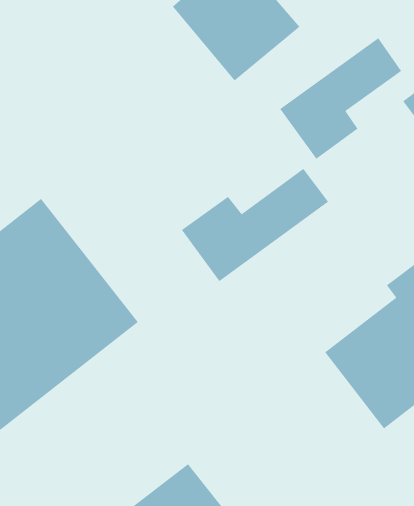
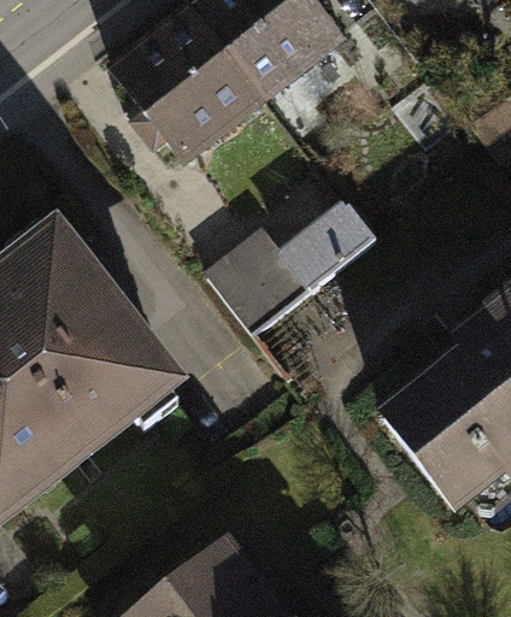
building: none -> [129,11,280,164]
building: [279,37,402,160] -> none

